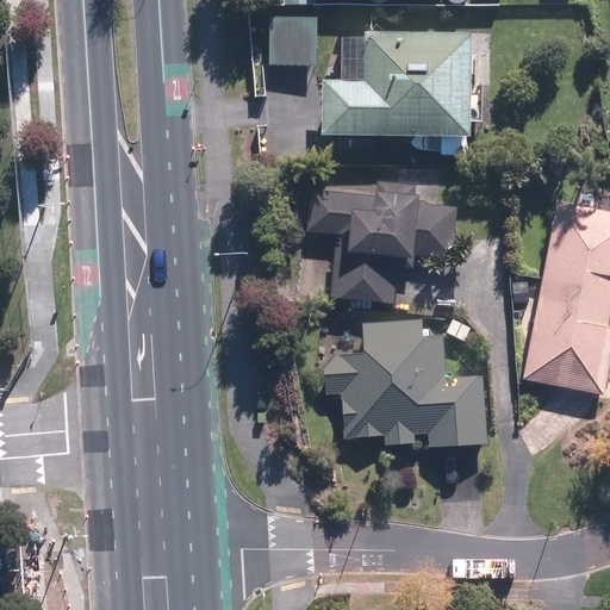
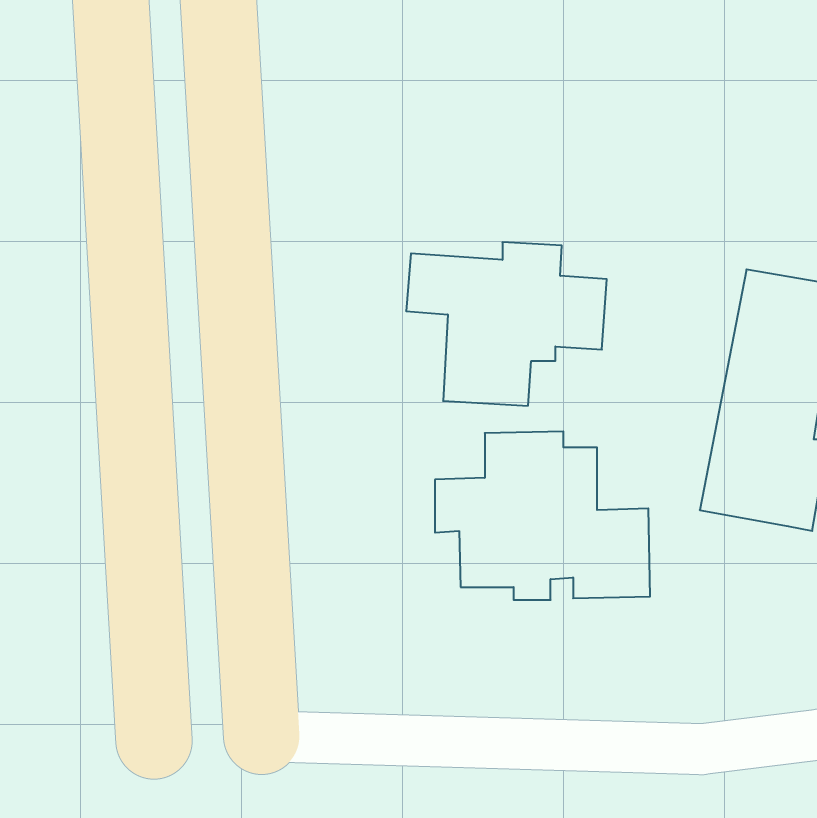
building: [270,17,320,68] -> none
building: [320,31,474,156] -> none

